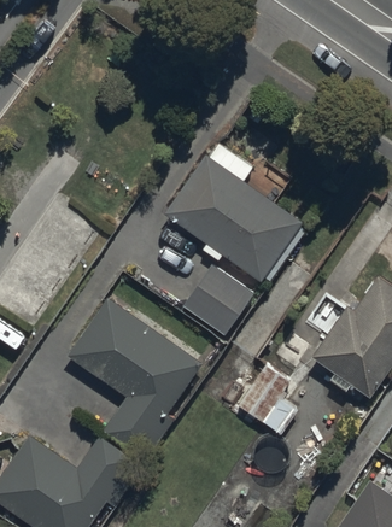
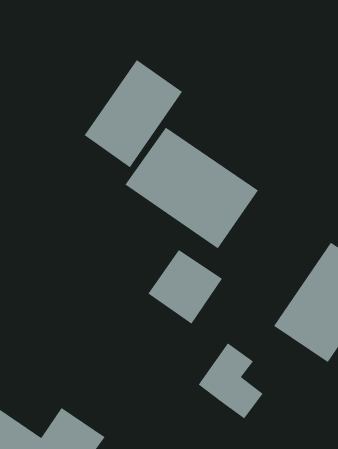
building: none -> [84,59,183,168]
building: [66,298,199,457] -> none

